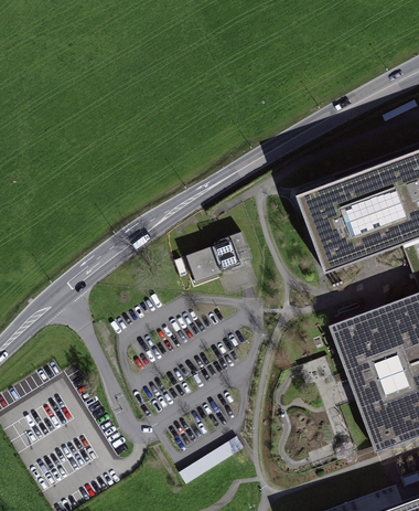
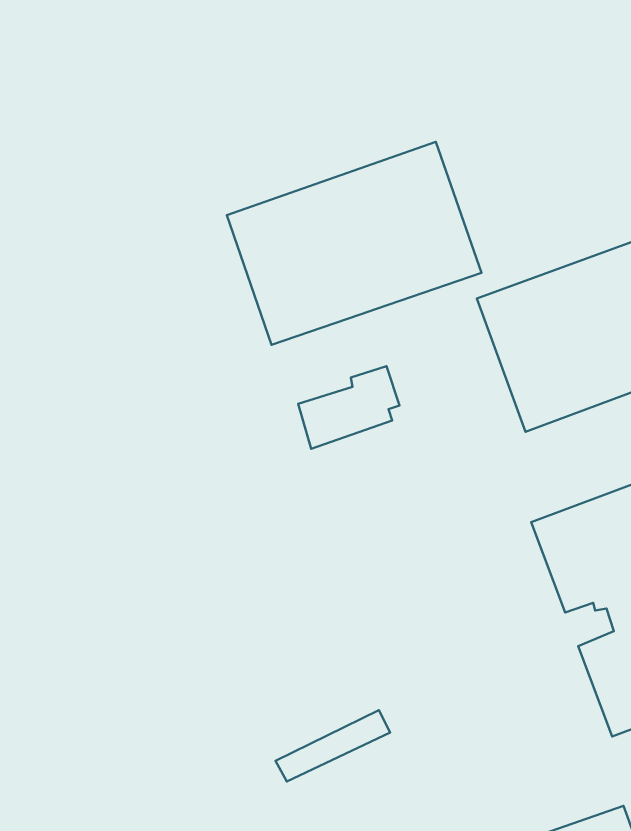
building: none -> [227,142,482,345]

